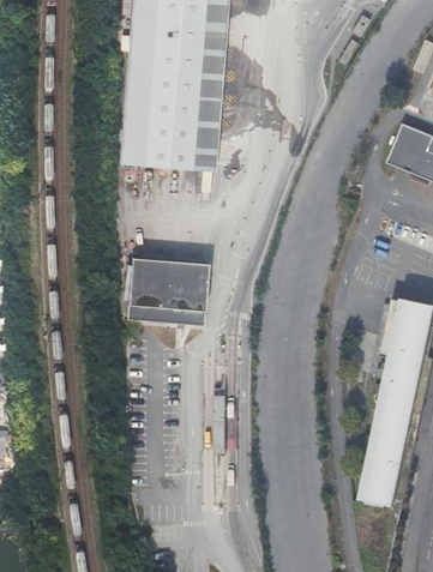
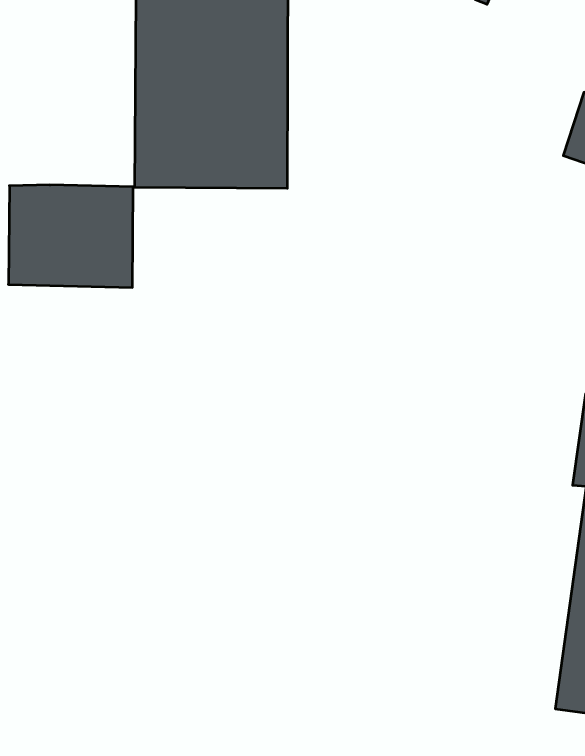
building: [127,258,209,326] -> [8,185,133,287]

